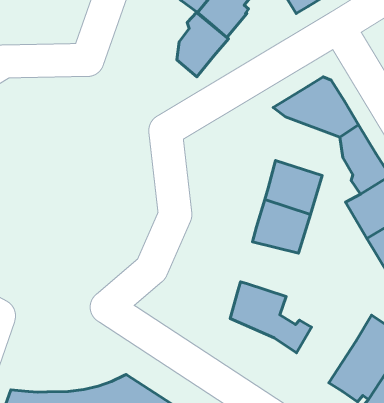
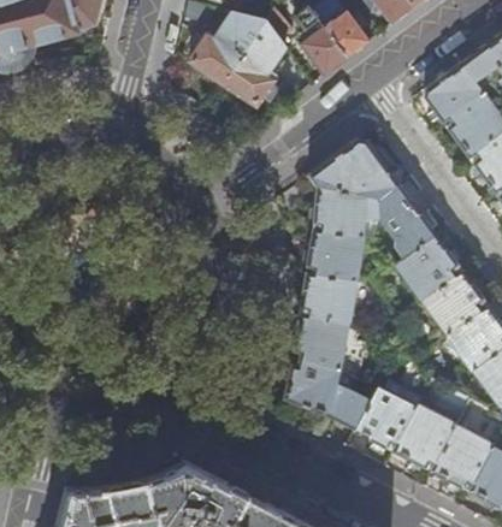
building: [177,13,228,77] -> none
building: none -> [317,183,385,239]
building: none -> [295,314,349,367]
building: none -> [353,384,417,451]

